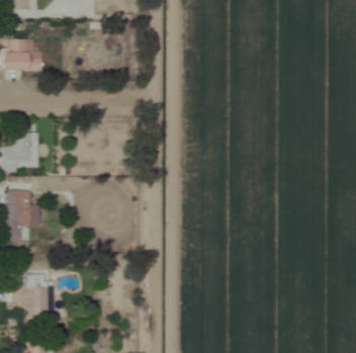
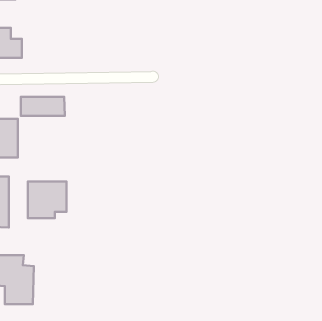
building: none -> [21,97,65,116]
building: none -> [28,182,67,218]

